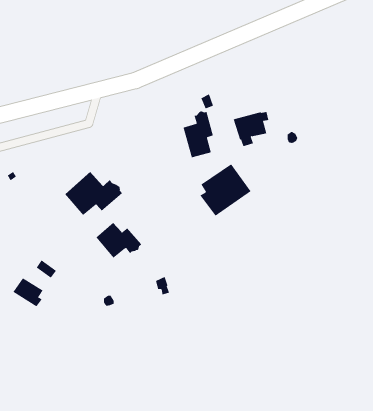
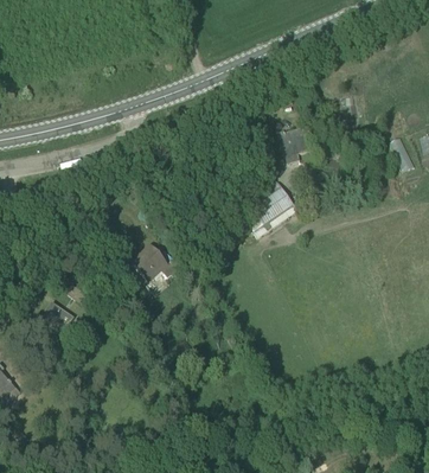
building: [183,110,213,158] -> none
building: [65,171,123,216] -> none

